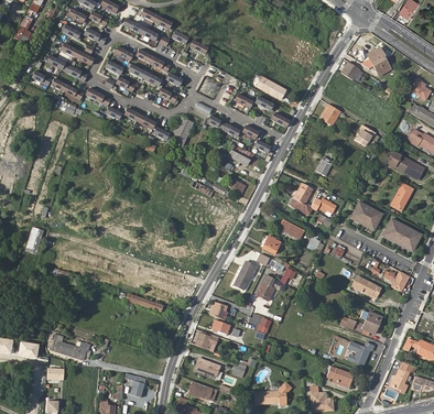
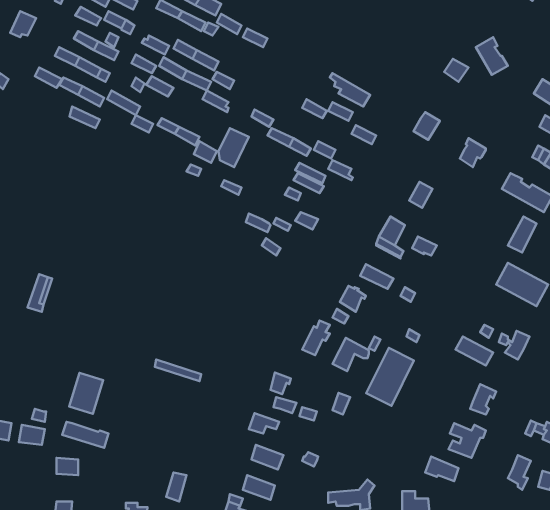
building: [349,201,381,230] -> none
building: none -> [366,348,414,406]
building: none -> [69,373,103,414]

